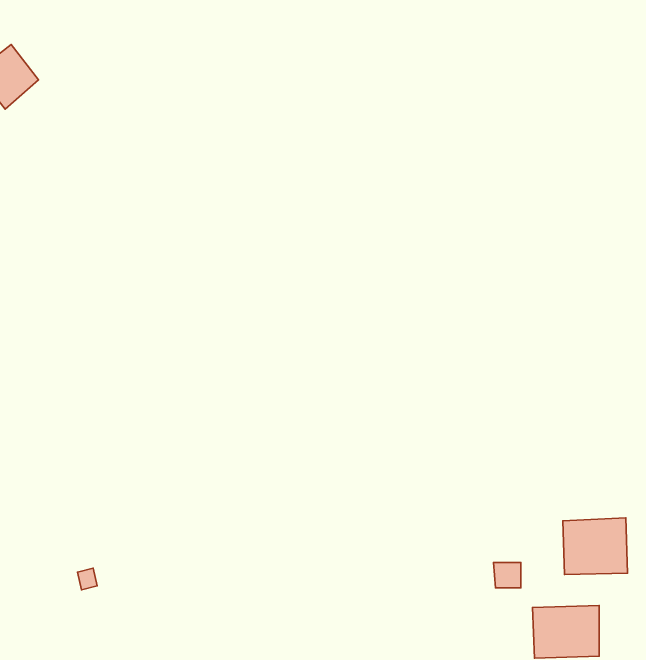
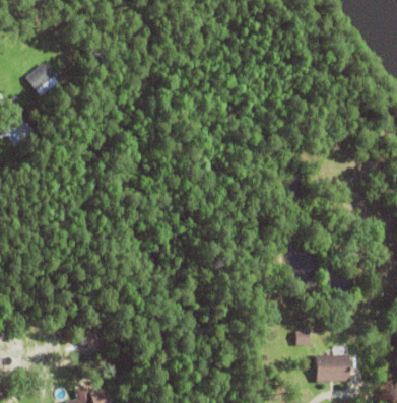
building: [563,518,627,575] -> none

